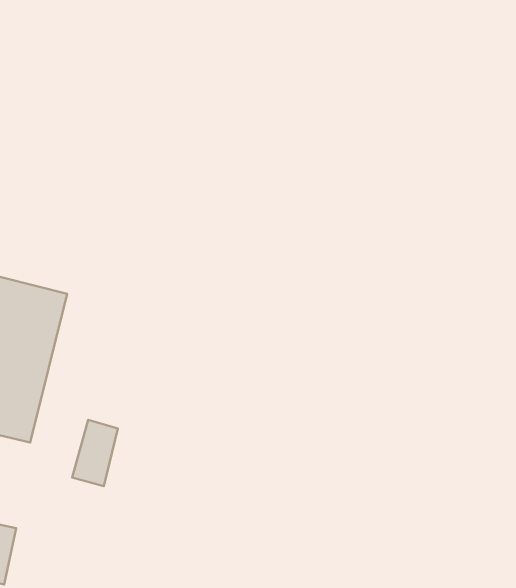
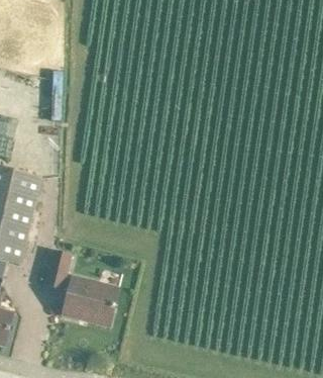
building: none -> [63,276,118,320]

